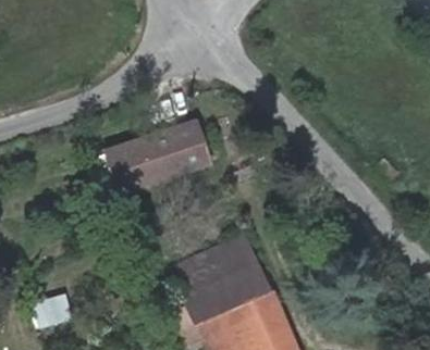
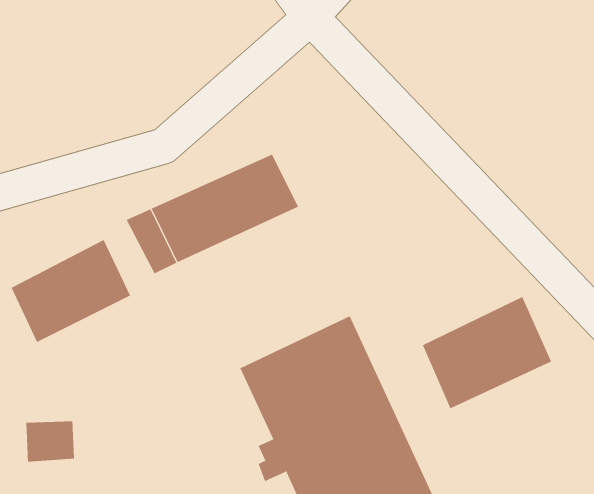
building: none -> [11,239,131,343]
building: none -> [422,296,552,409]

